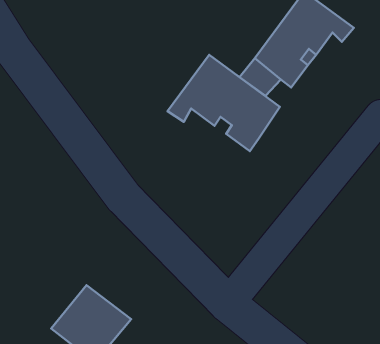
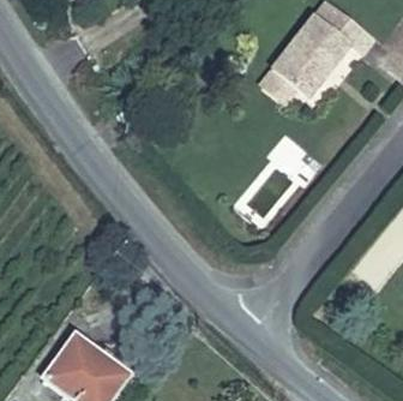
building: [167,55,280,151] -> none

